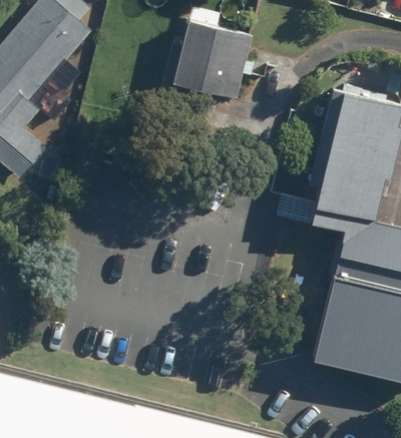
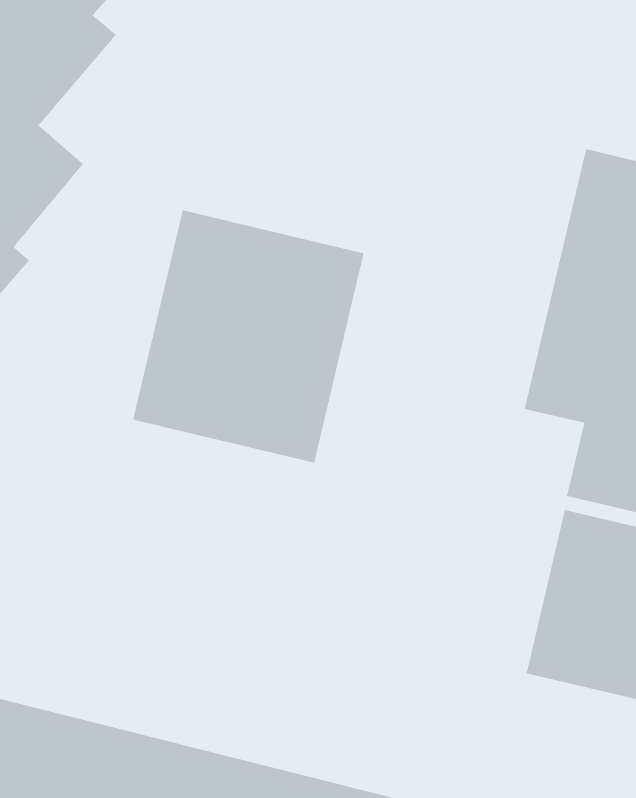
building: [160,20,254,117] -> none
building: none -> [133,210,364,463]

